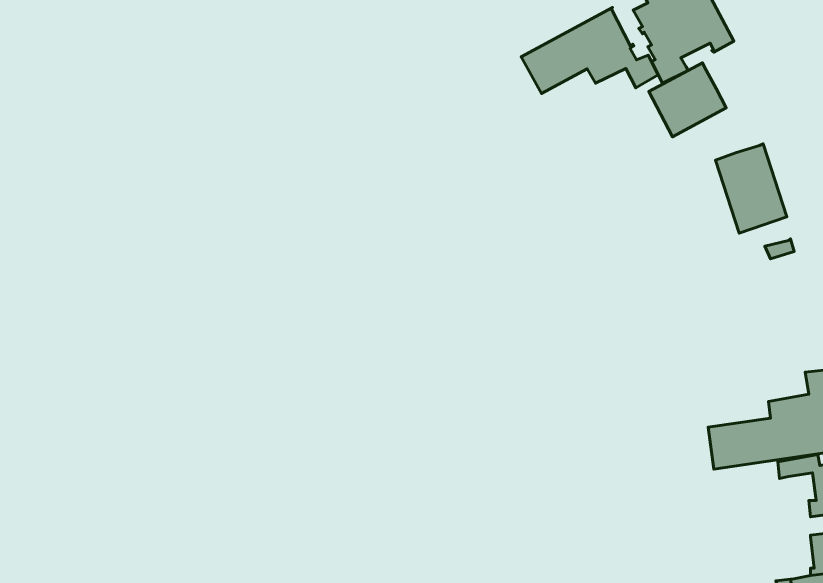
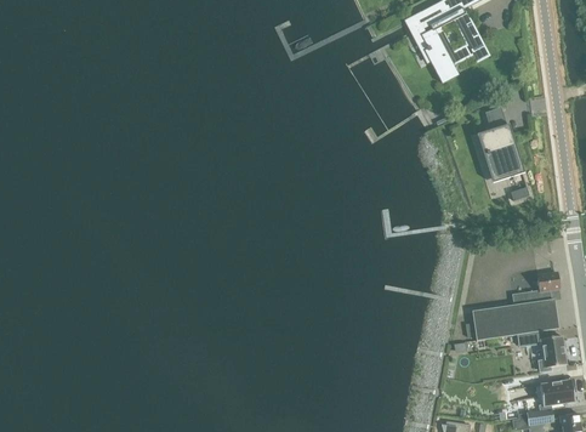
building: [521,8,658,94] -> none
building: [649,63,726,137] -> none

